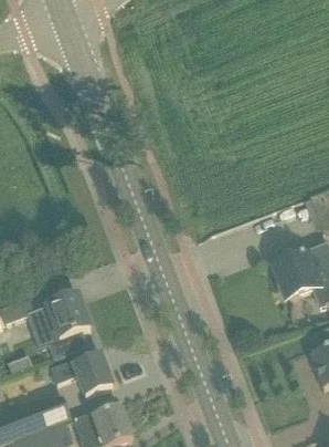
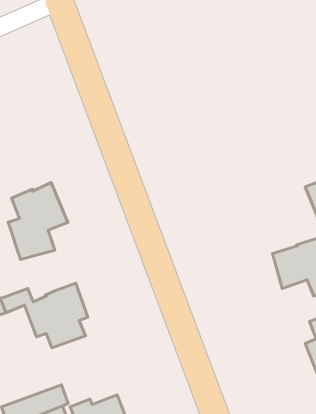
building: none -> [8,183,68,259]
building: [51,354,113,395] -> none

